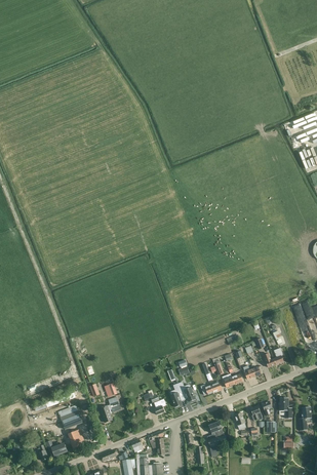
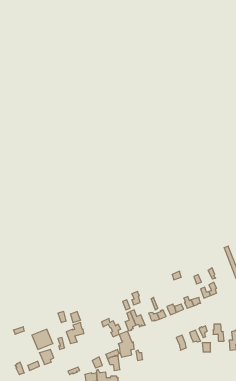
building: [207,421,227,452] -> [118,331,134,357]

